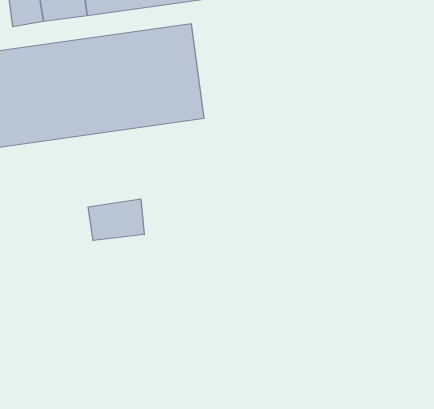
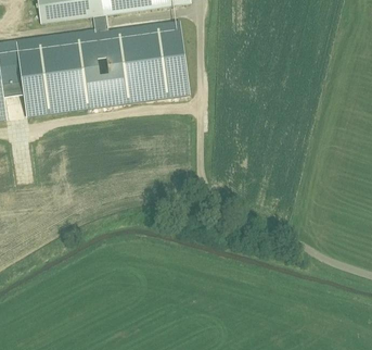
building: [88,199,144,241] -> none

